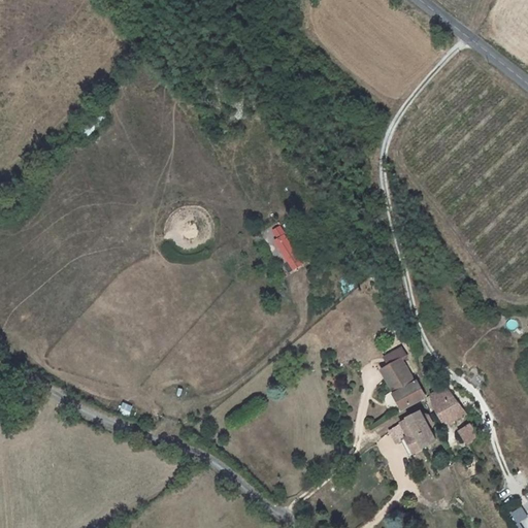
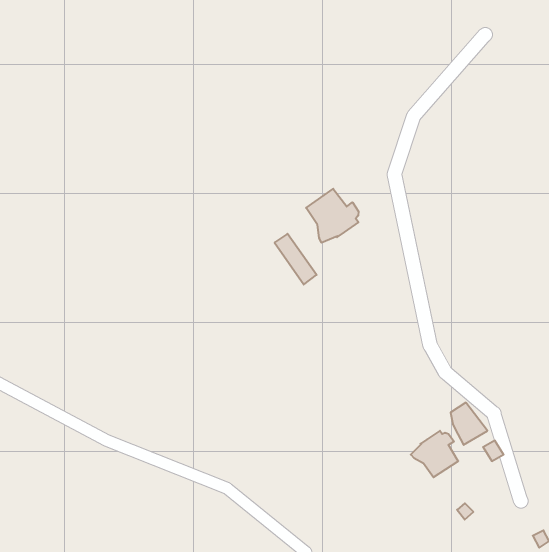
building: none -> [306,189,358,243]
building: [381,349,425,411] -> none

